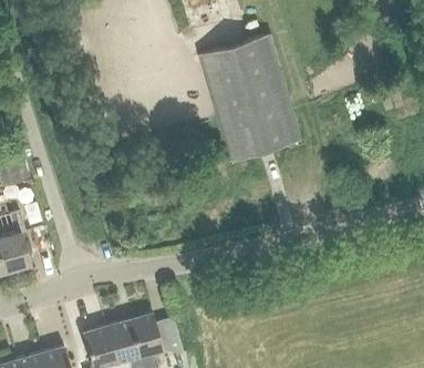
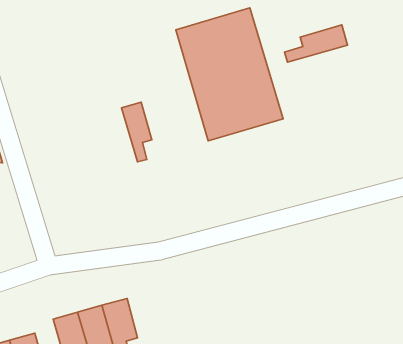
building: none -> [284,25,348,62]
building: none -> [122,102,152,162]

